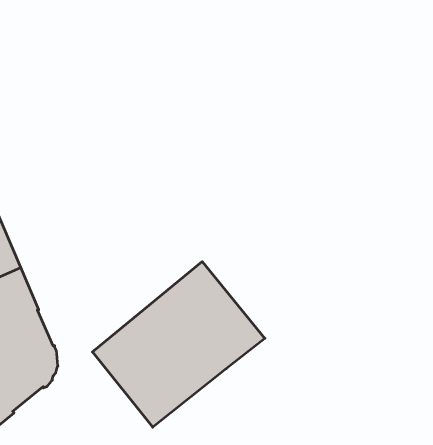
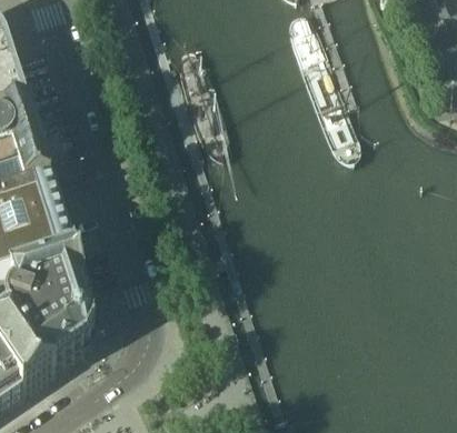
building: [92,262,265,427] -> none

